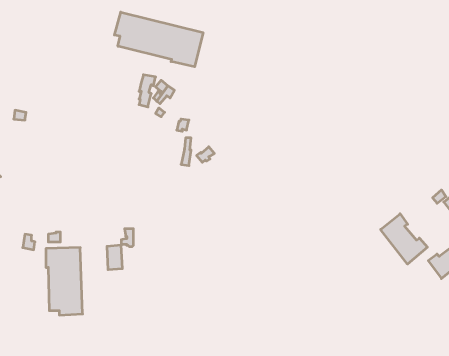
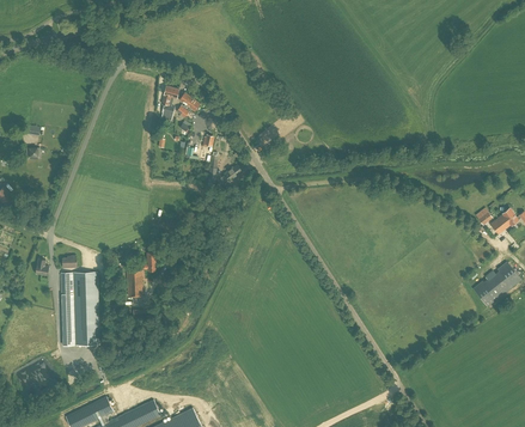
building: [114,12,203,67] -> none
building: [381,214,427,264] -> none

